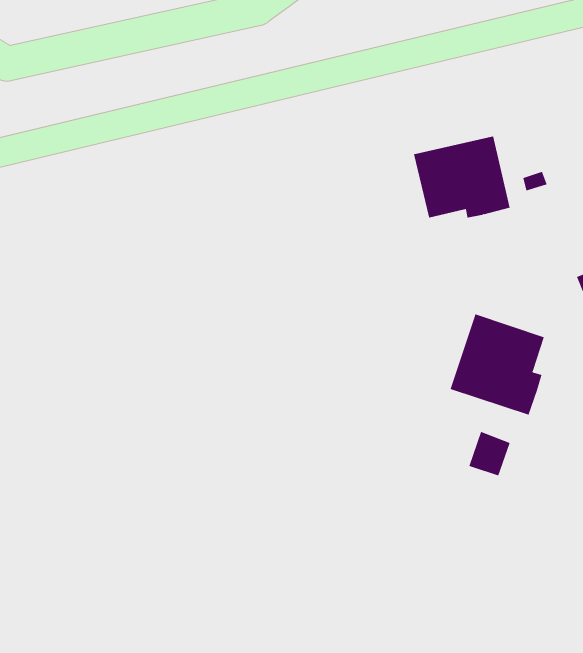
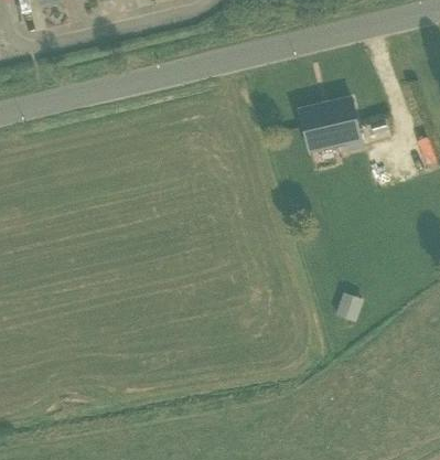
building: [450,313,545,416] -> none

